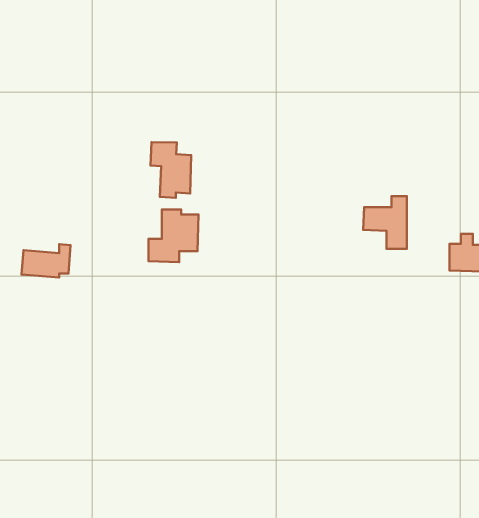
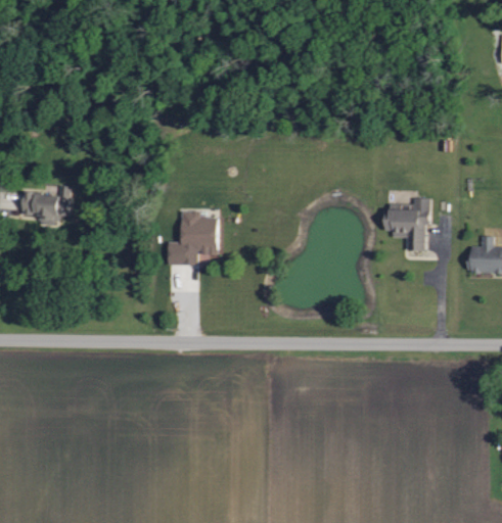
building: [150,142,191,198] -> none
building: [22,244,70,278] -> [22,186,72,220]

